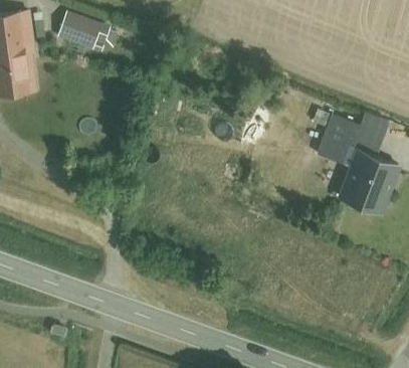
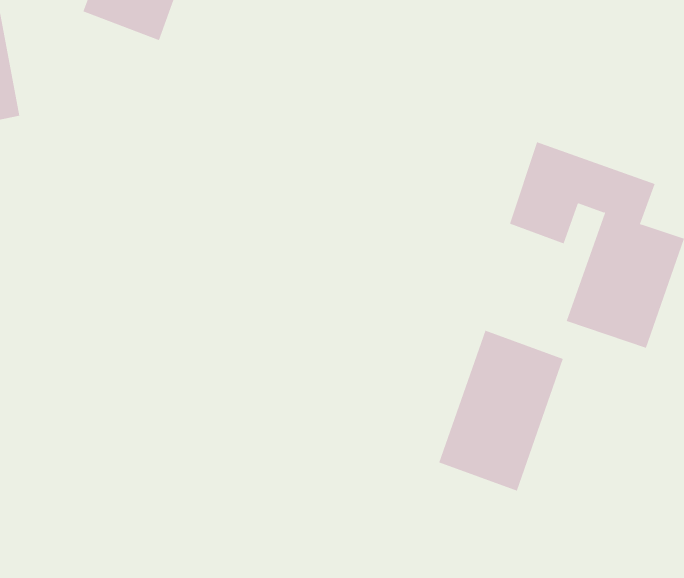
building: none -> [439,330,564,491]

